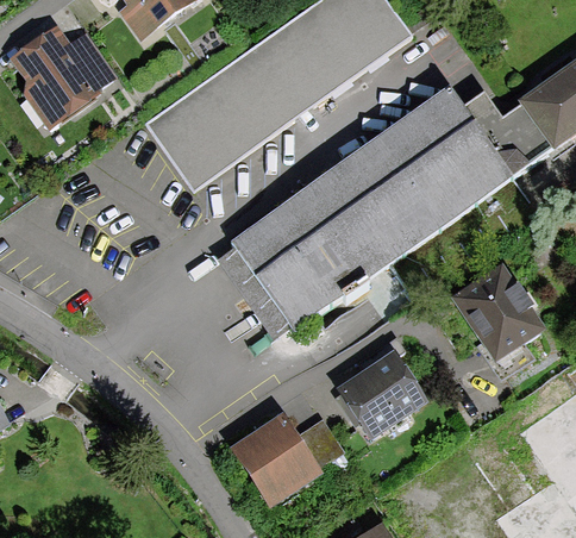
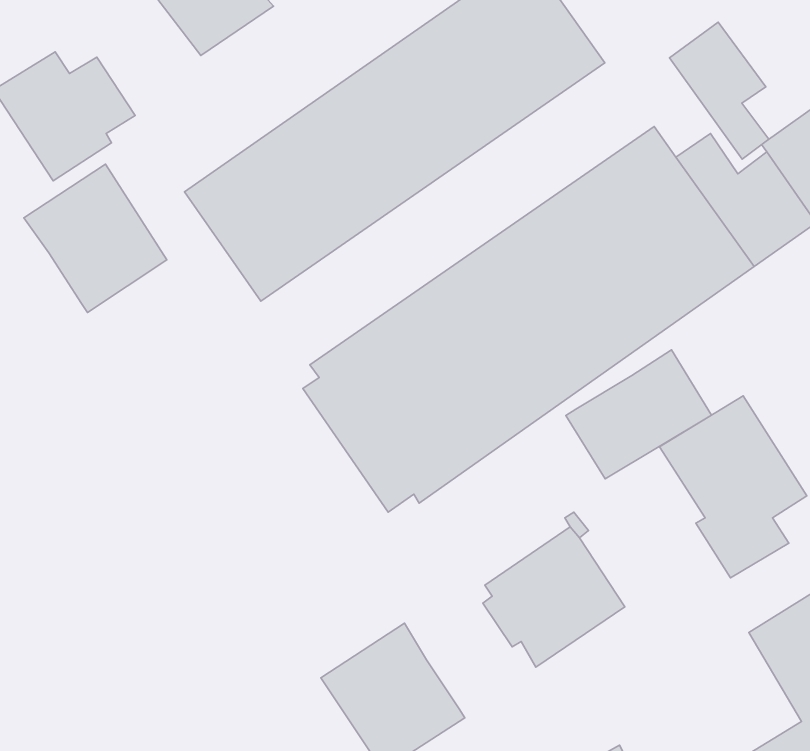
building: none -> [670,22,769,159]
building: none -> [24,164,167,312]
building: none -> [566,350,711,479]
building: [300,417,345,465] -> none

